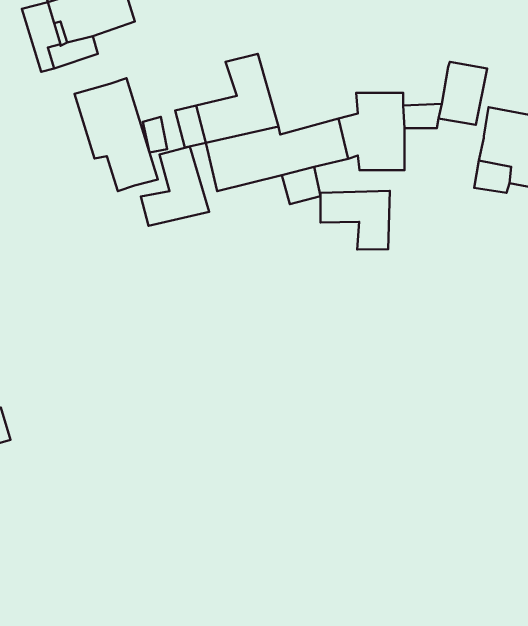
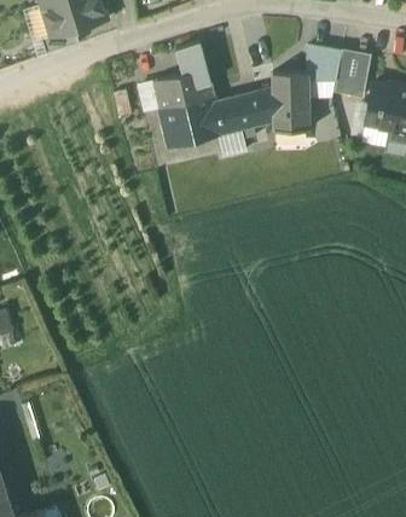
building: none -> [306,46,341,81]
building: [75,78,158,191] -> none
building: [141,146,209,226] -> none
building: [321,191,390,250] -> none

